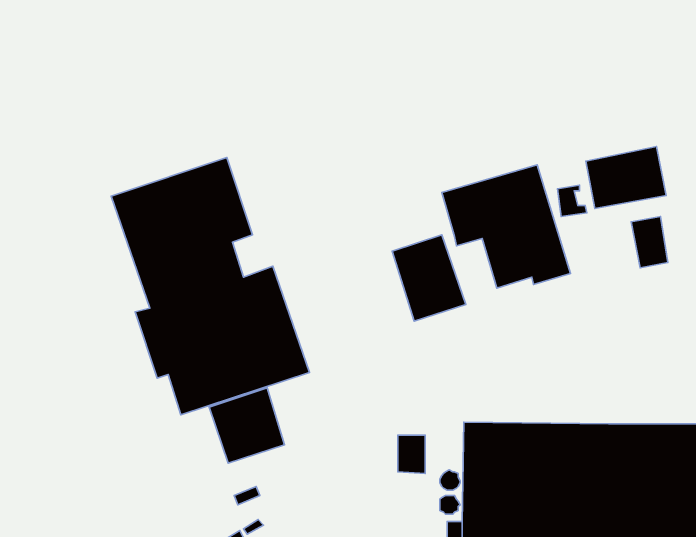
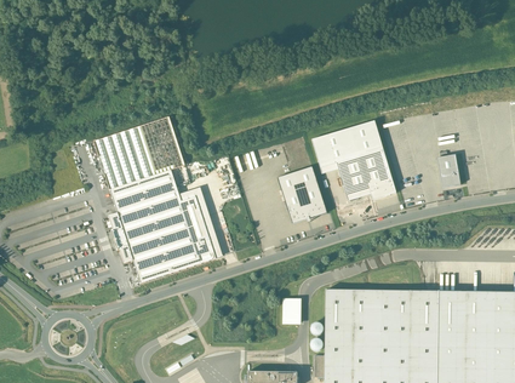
building: [586,147,666,209] -> none
building: [209,388,284,463] -> none

